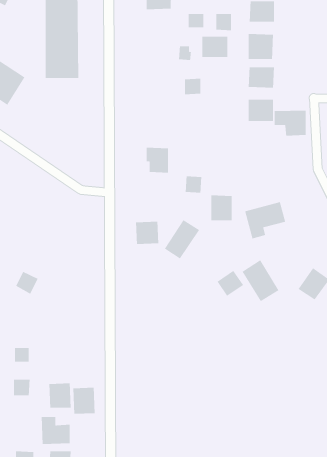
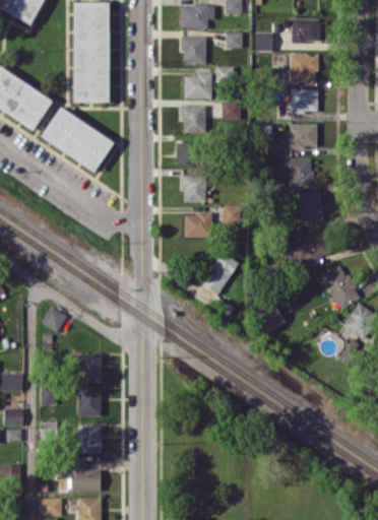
building: none -> [182,36,206,64]
building: [202,36,228,58] -> [184,75,212,99]
building: none -> [180,105,205,133]
building: none -> [40,107,114,172]
building: [274,110,306,136] -> [277,158,312,187]
building: none -> [176,142,199,166]
building: [210,195,232,221] -> [298,193,321,221]
building: [135,221,159,245] -> [184,213,209,239]
building: [241,259,280,302] -> [321,264,362,310]
building: none -> [77,353,102,383]
building: [72,387,95,415] -> [77,387,102,416]

